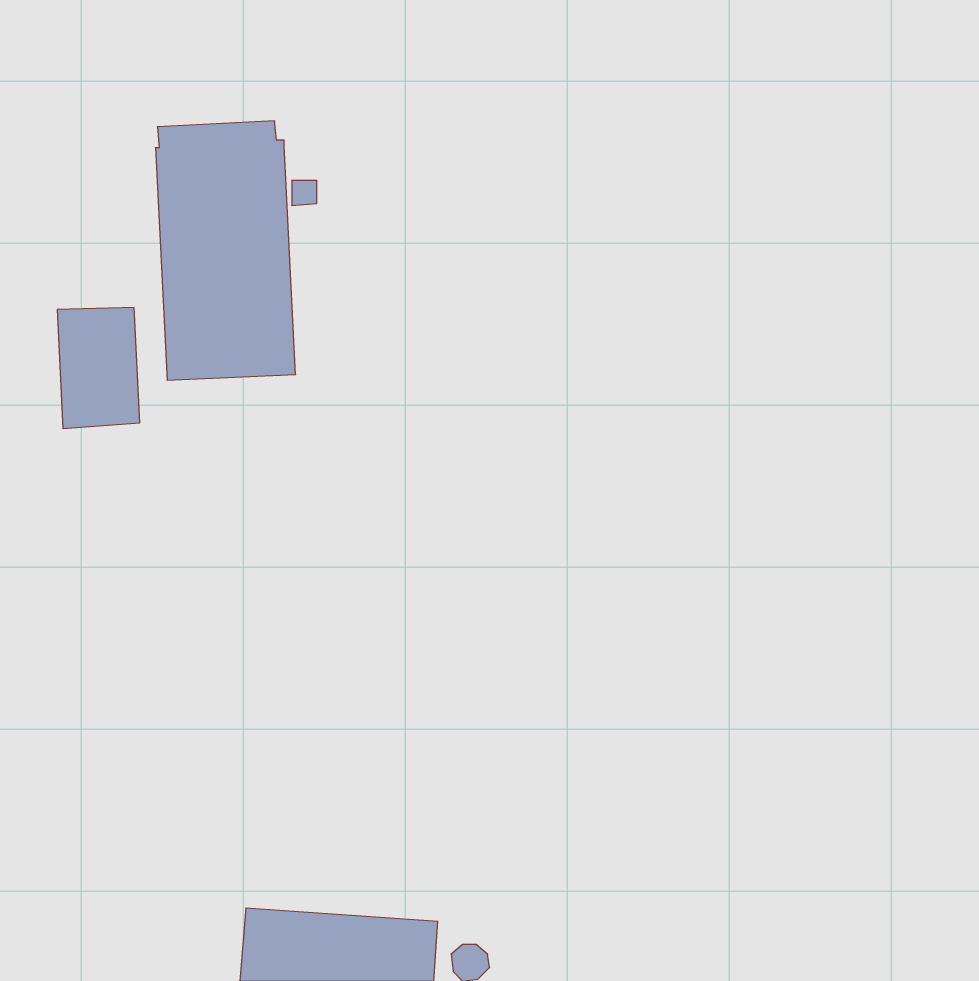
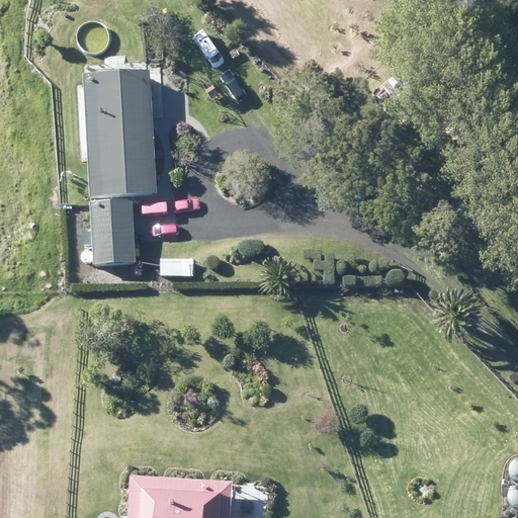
building: [57,308,140,429] -> [91,204,135,268]

